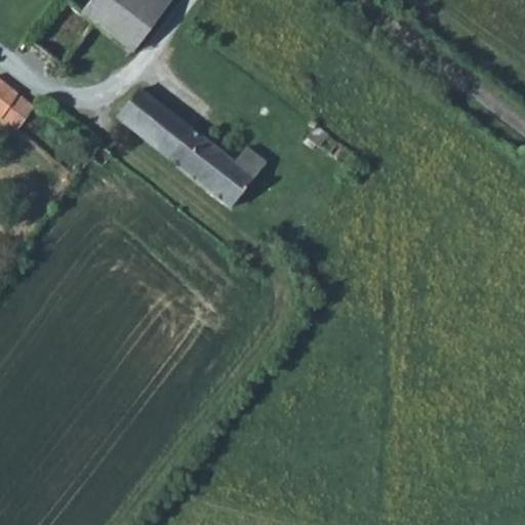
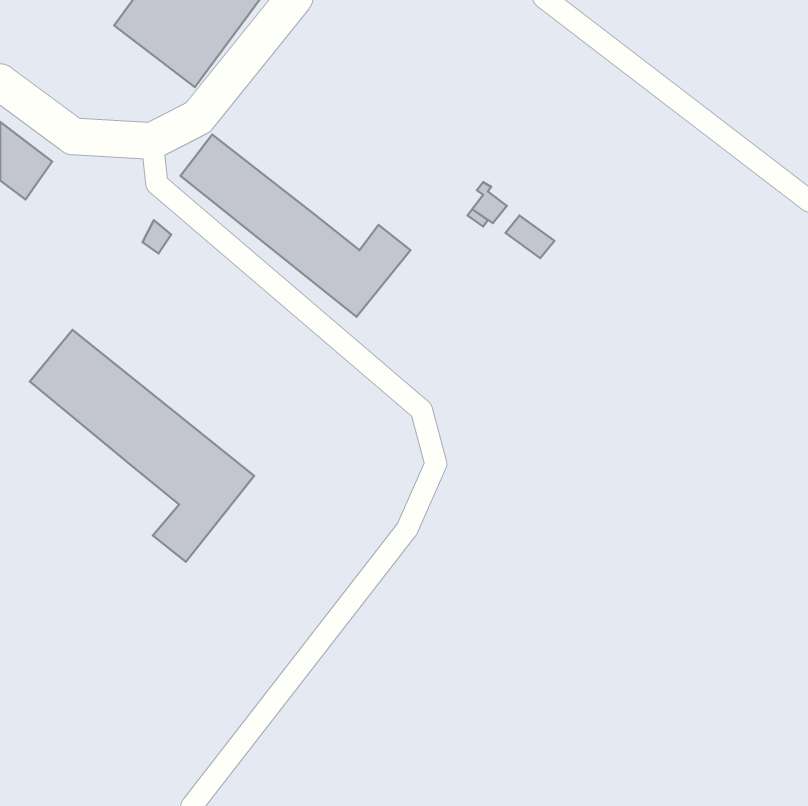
building: none -> [30,330,254,562]

